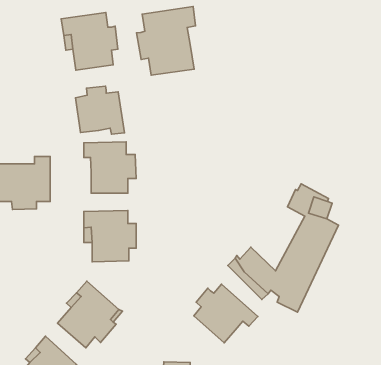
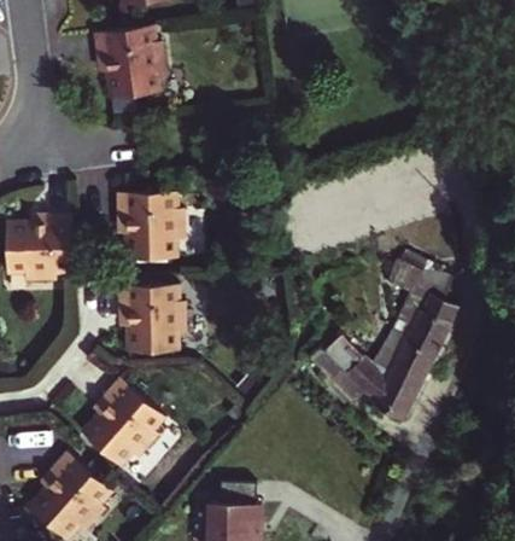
building: [137,7,196,75] -> none
building: [76,86,125,134] -> none
building: [194,284,258,343] -> none

